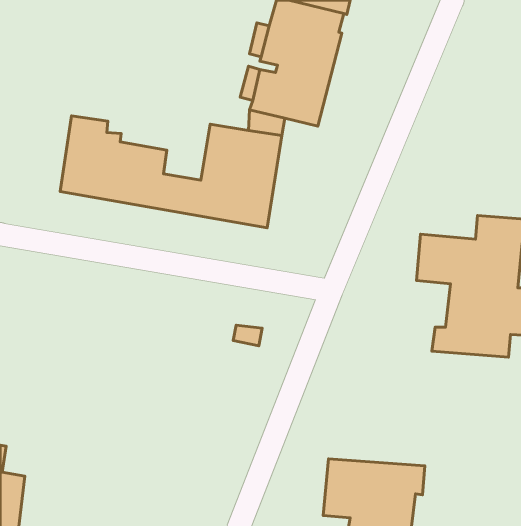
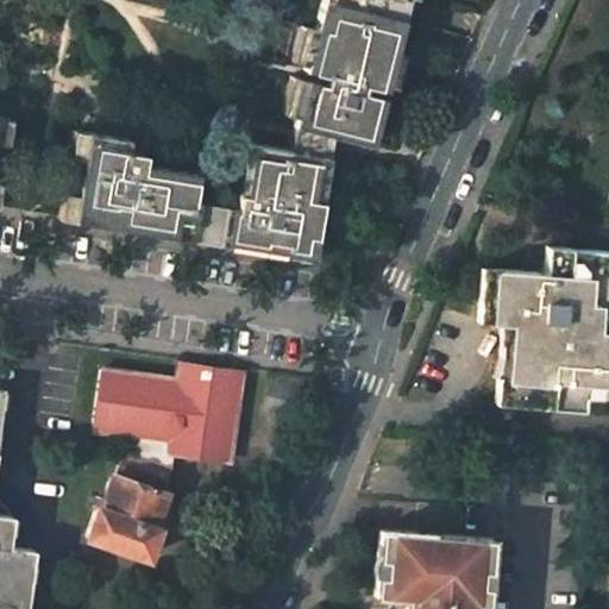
building: none -> [93,366,255,560]

